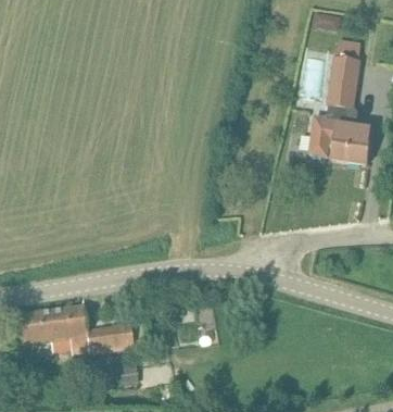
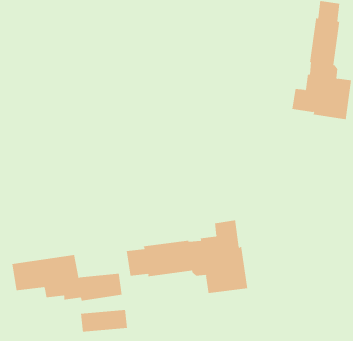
building: none -> [126,220,248,294]

